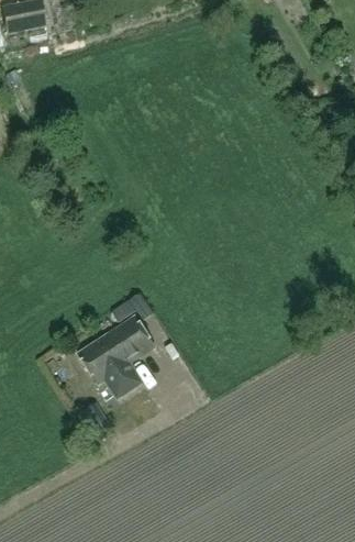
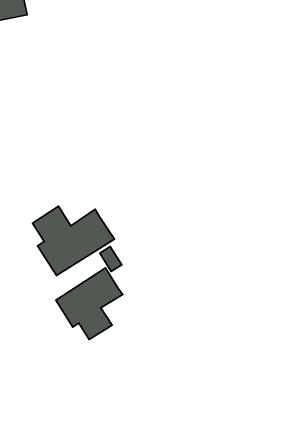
building: none -> [33,206,114,276]

